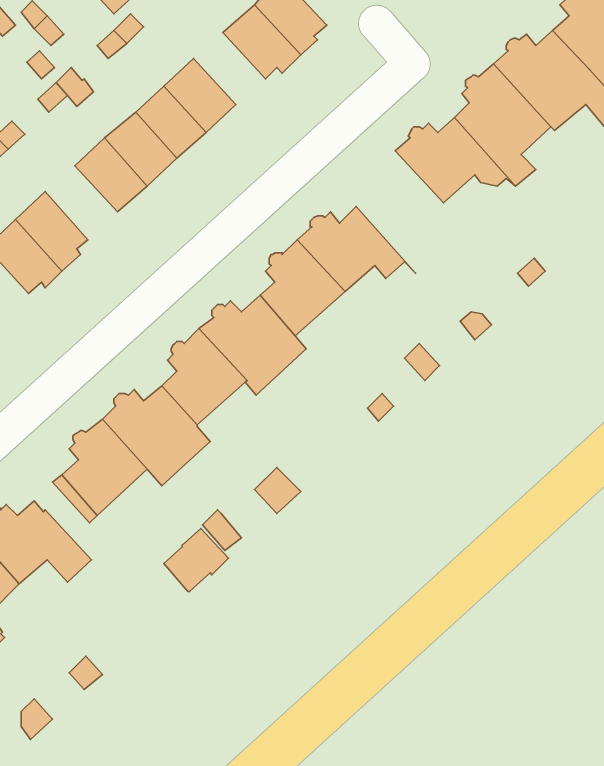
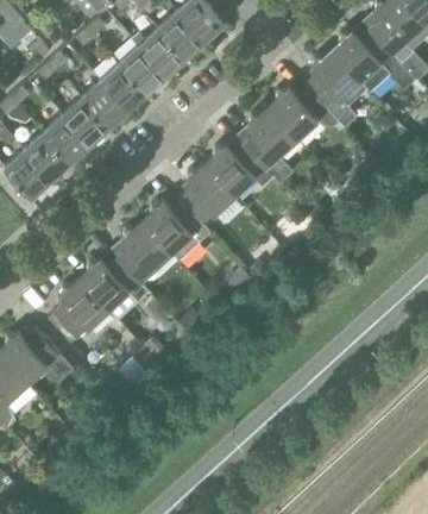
building: none -> [138,29,184,75]
building: none -> [243,105,298,183]
building: none -> [43,114,89,162]

